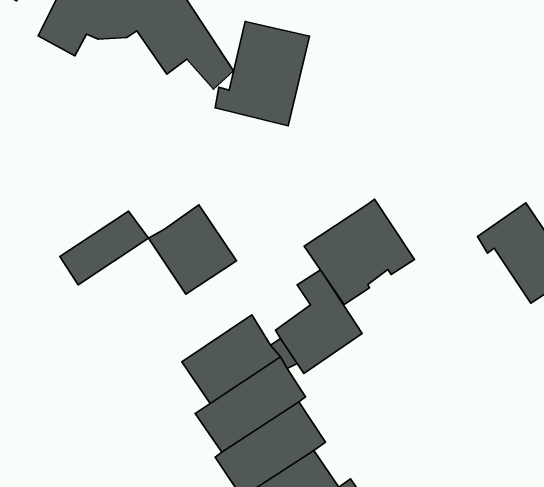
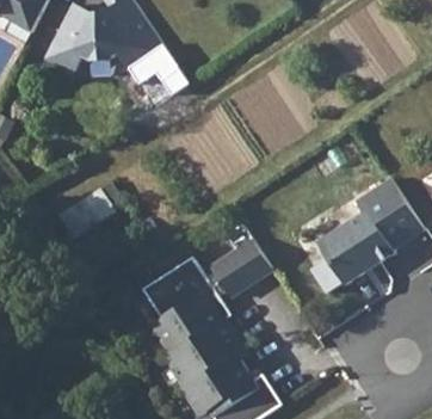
building: [215,21,310,126] -> none
building: [304,199,414,305] -> [319,209,397,284]
building: [148,205,236,294] -> none

